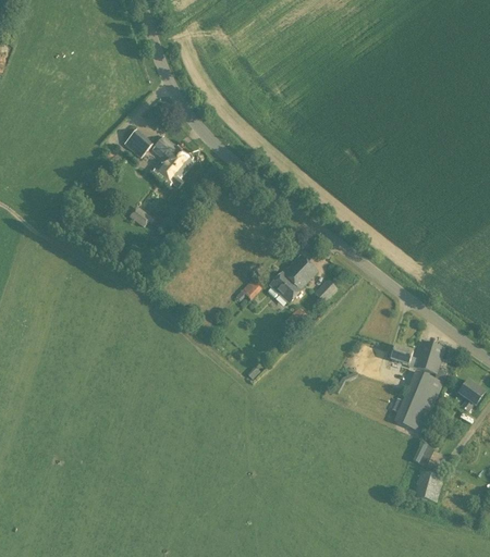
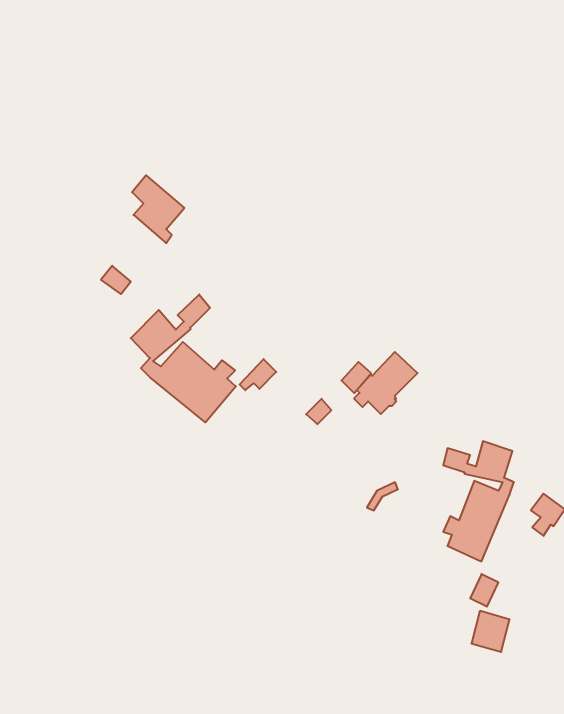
building: [122,128,151,158] -> none
building: none -> [131,294,236,422]
building: [267,255,316,302] -> [354,352,418,414]

